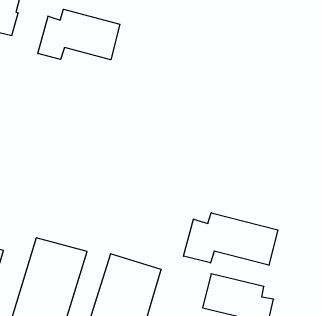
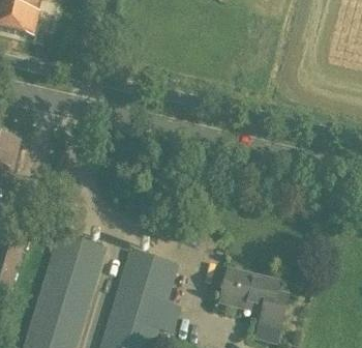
building: [38,9,120,60] -> none
building: [184,213,278,265] -> none

